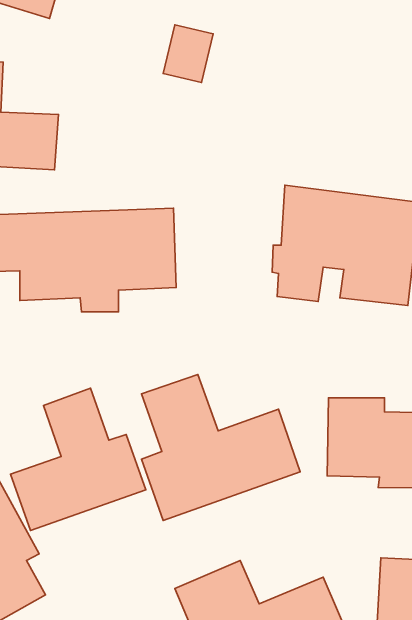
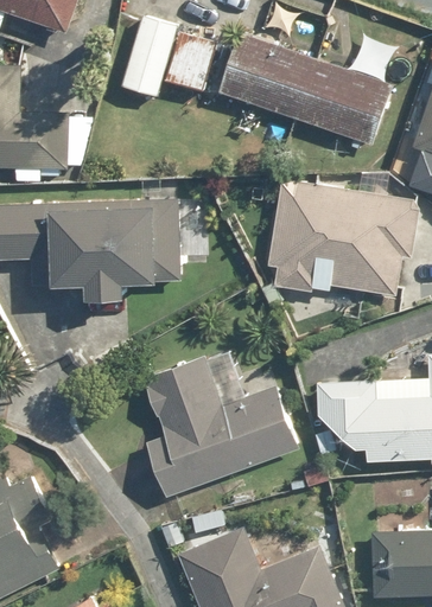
building: none -> [120,18,173,96]
building: none -> [218,37,388,141]
building: [10,388,146,530] -> none

